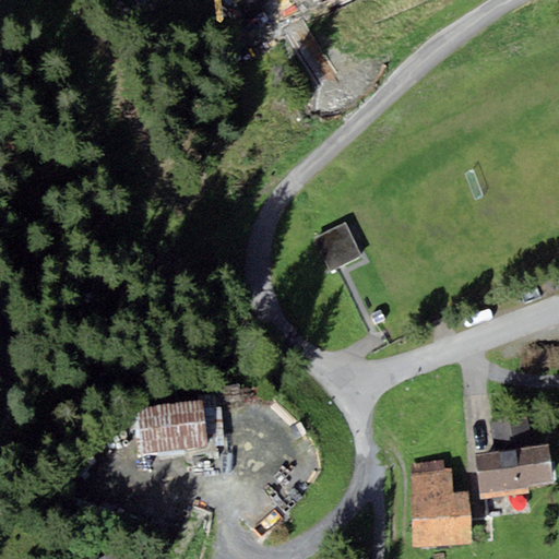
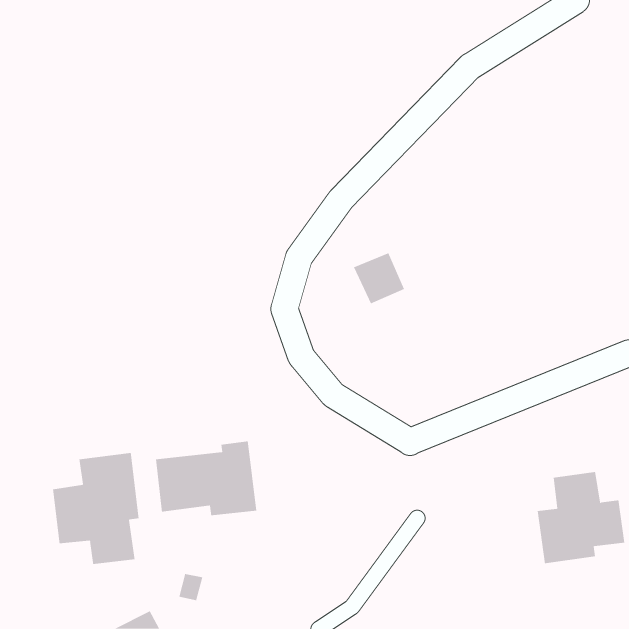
building: none -> [52,452,139,565]
building: [409,461,472,547] -> none

